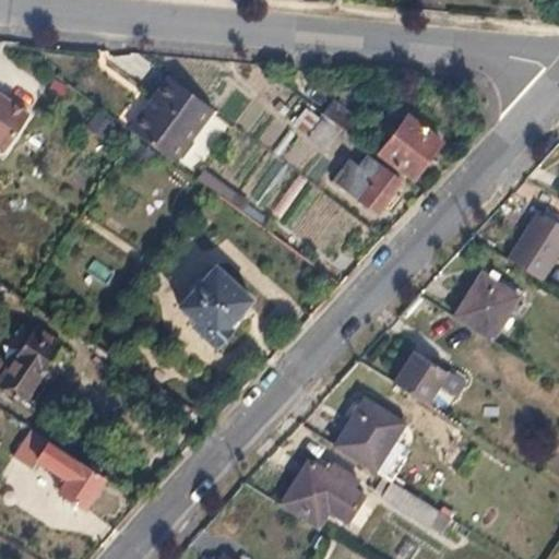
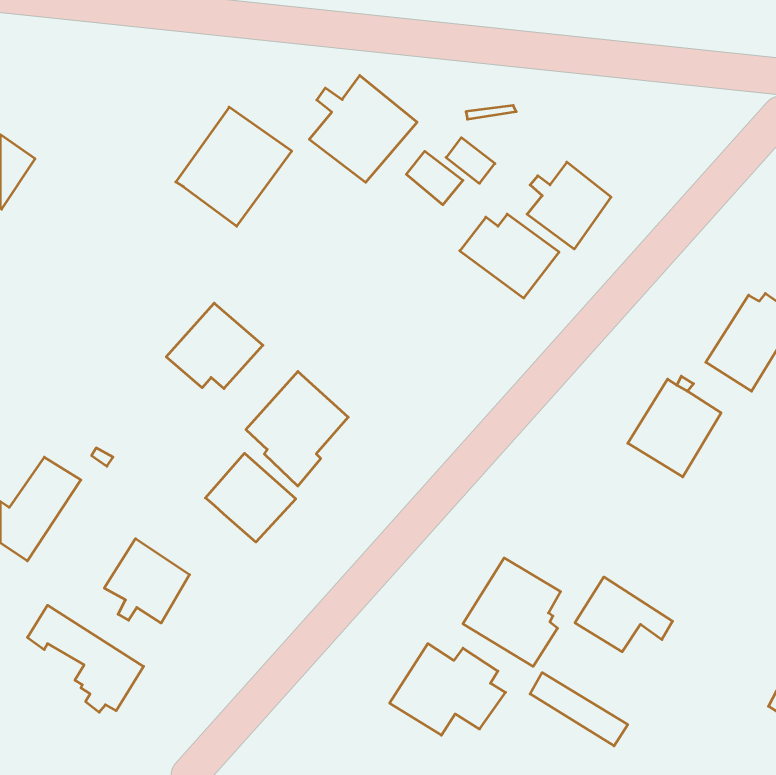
building: none -> [309,75,417,182]
building: none -> [166,303,263,389]
building: none -> [205,453,296,542]
building: [392,350,462,404] -> [575,577,673,652]
building: none -> [104,539,190,623]

